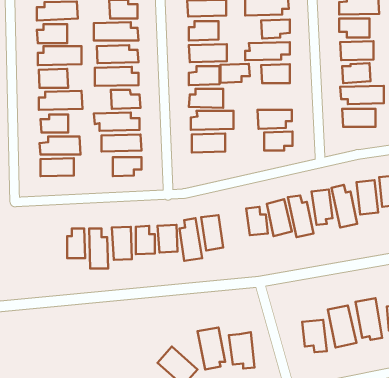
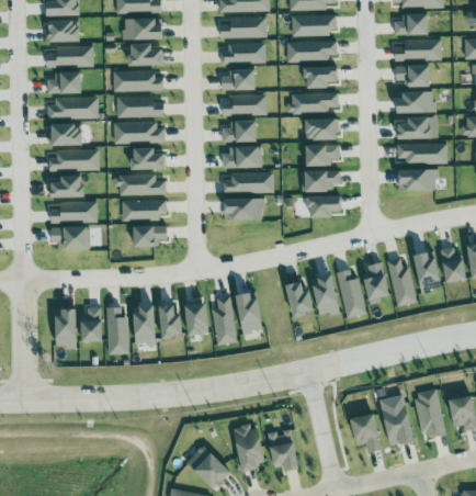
building: [220,64,250,83] -> [306,145,340,167]
building: none -> [55,311,77,348]

